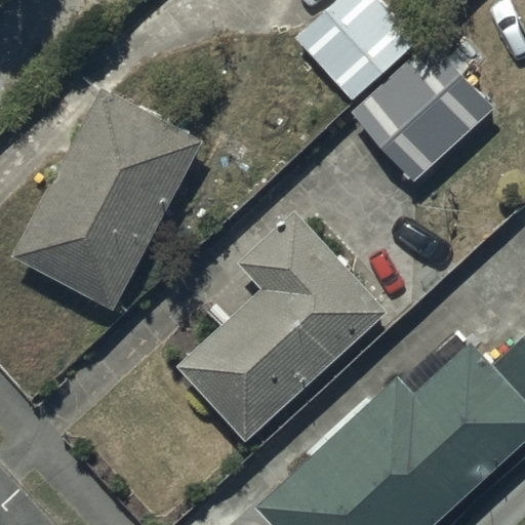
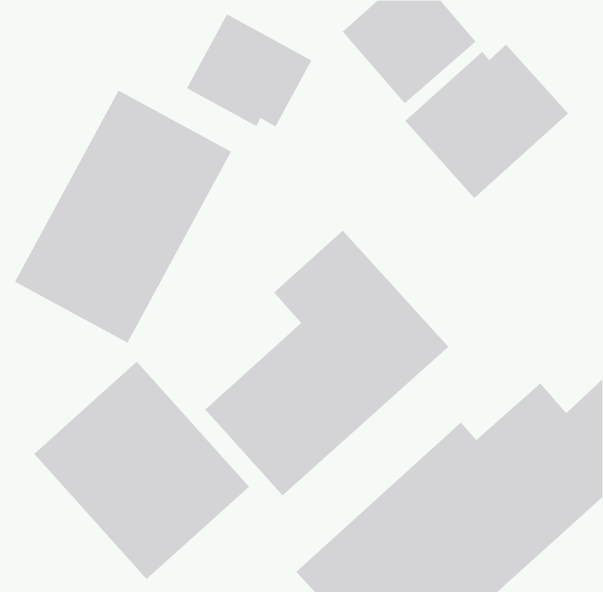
building: none -> [186,14,312,127]
building: none -> [34,361,250,580]

